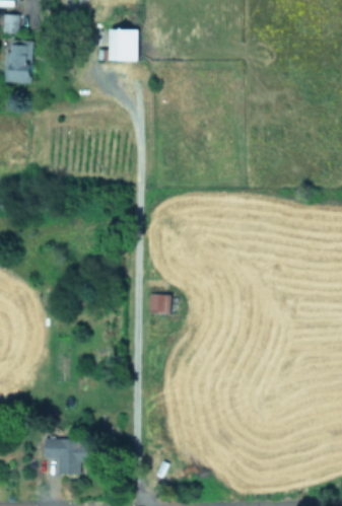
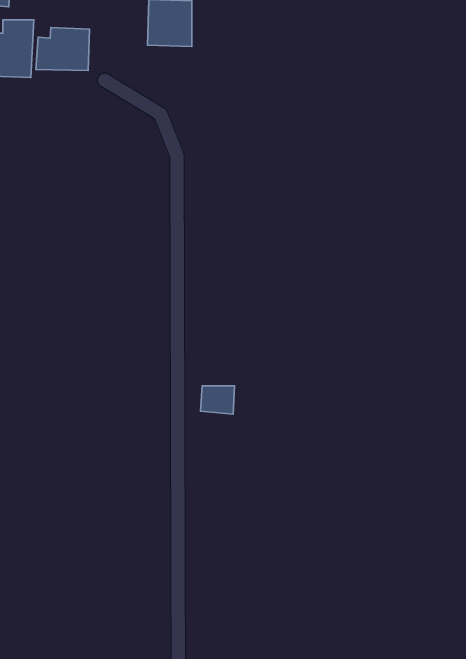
building: none -> [36,28,90,70]
building: [44,441,93,476] -> none

